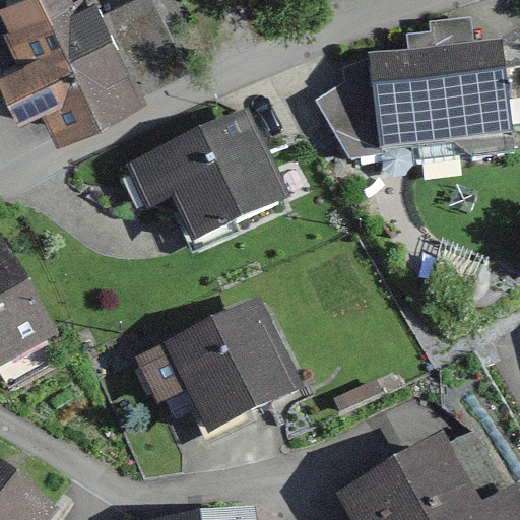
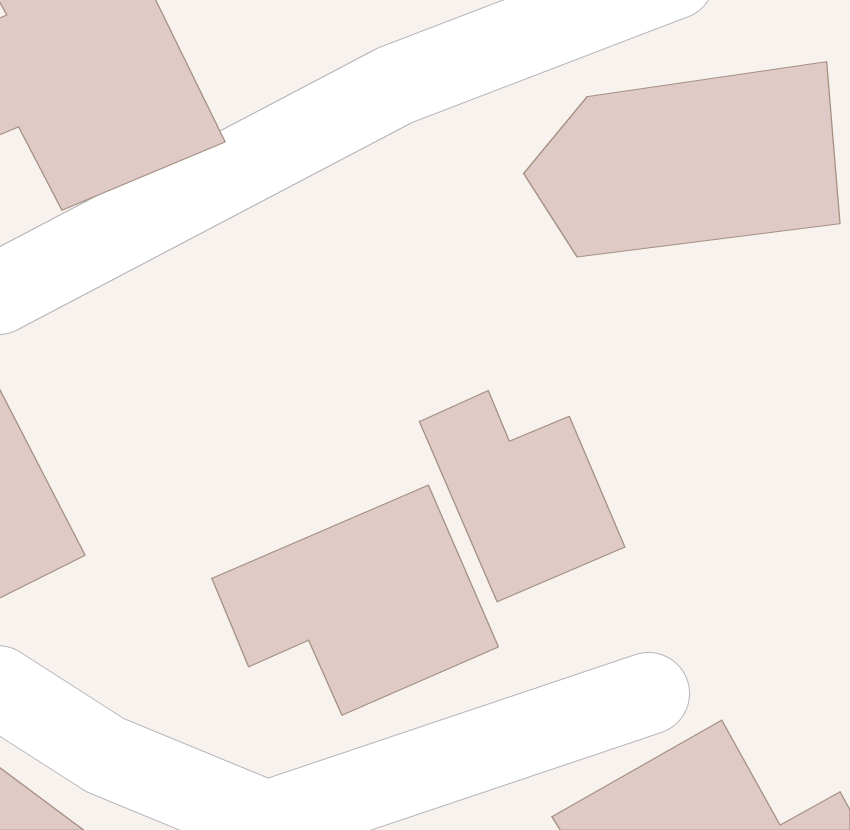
building: [128,110,284,245] -> none
building: none -> [419,391,625,602]

